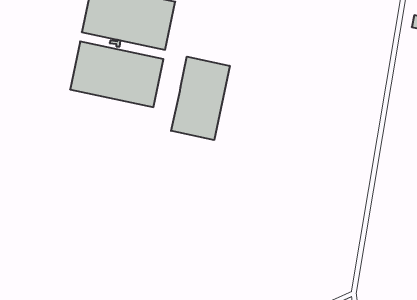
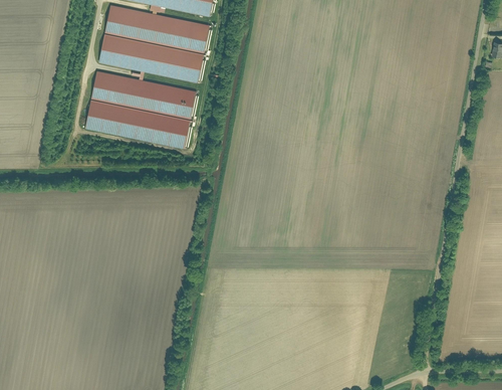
building: [171,57,230,140] -> none

